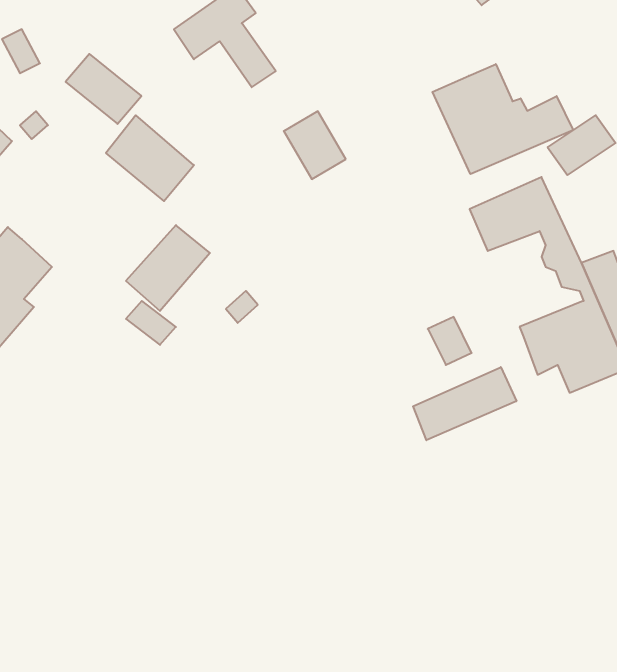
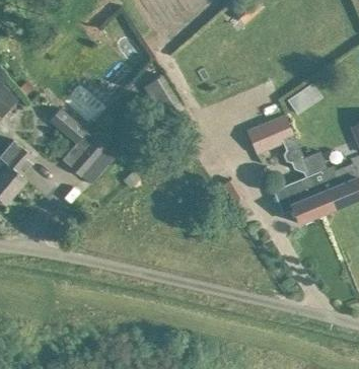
building: [66,54,141,124] -> [49,107,87,143]
building: [432,64,573,174] -> none
building: [413,367,516,440] -> none

